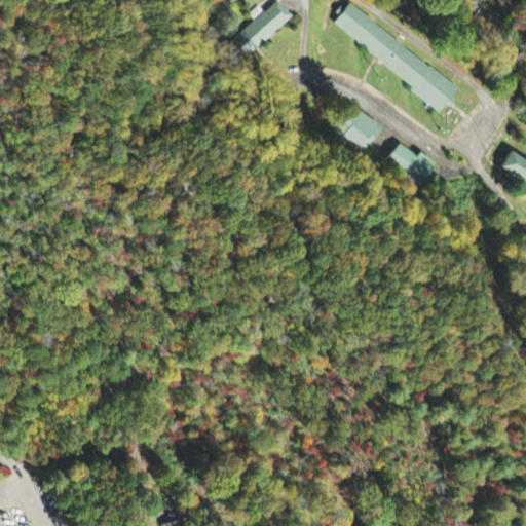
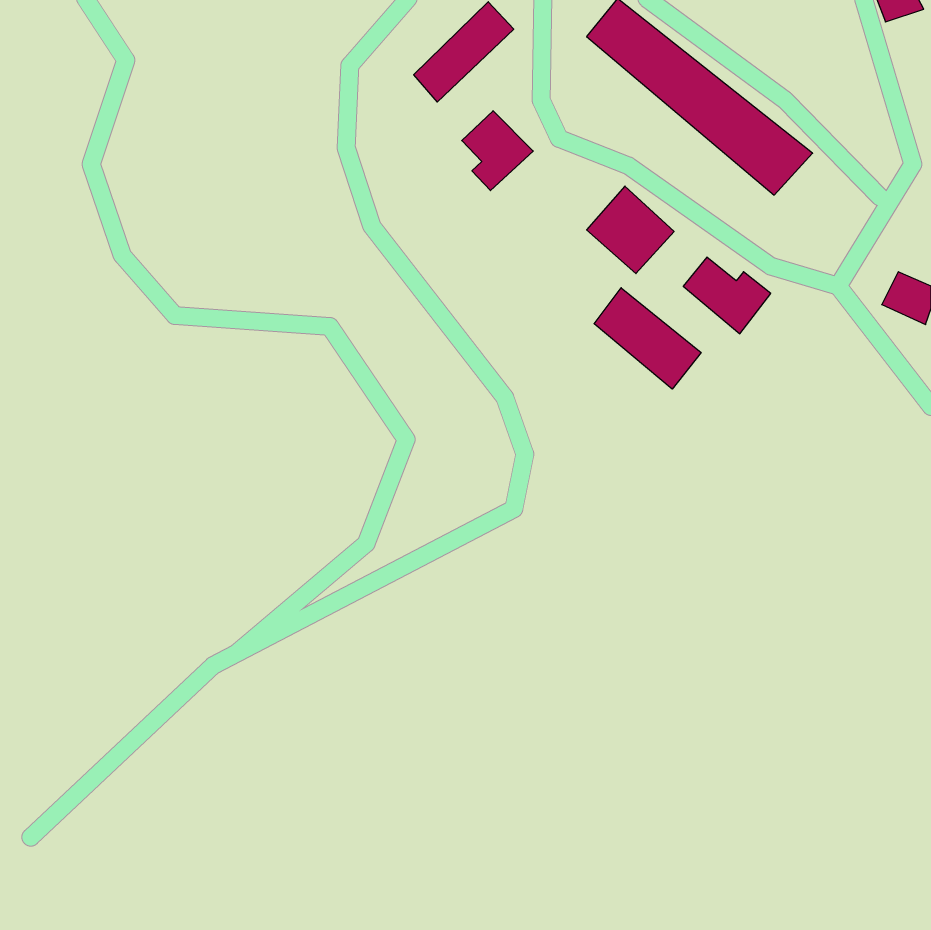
building: none -> [462,111,533,191]
building: none -> [594,288,701,389]

